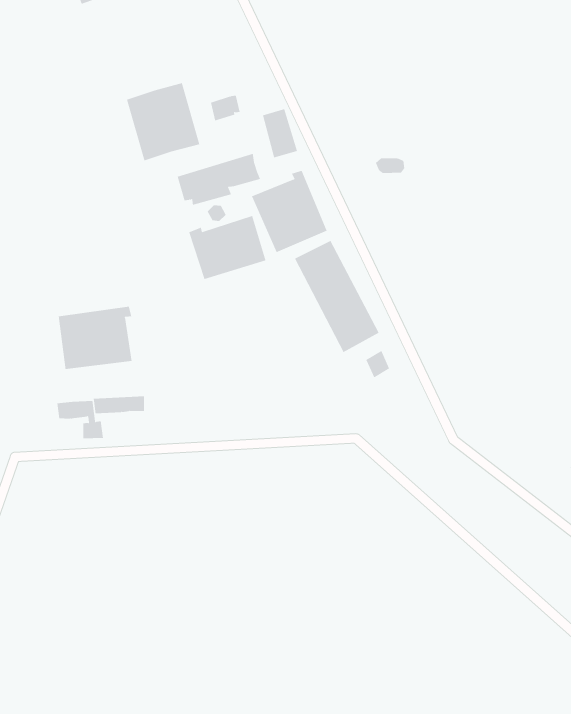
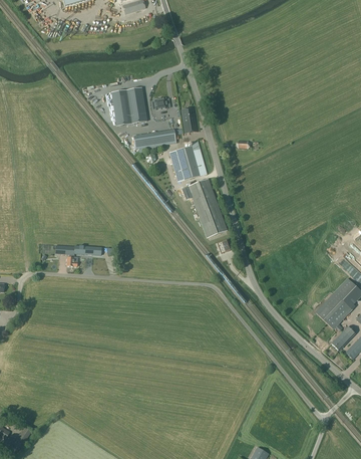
building: [189,215,266,280] -> none
building: [58,306,132,370] -> none

